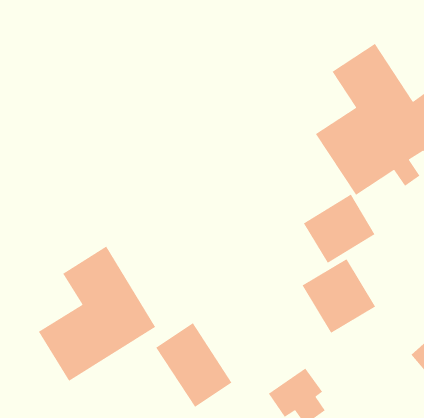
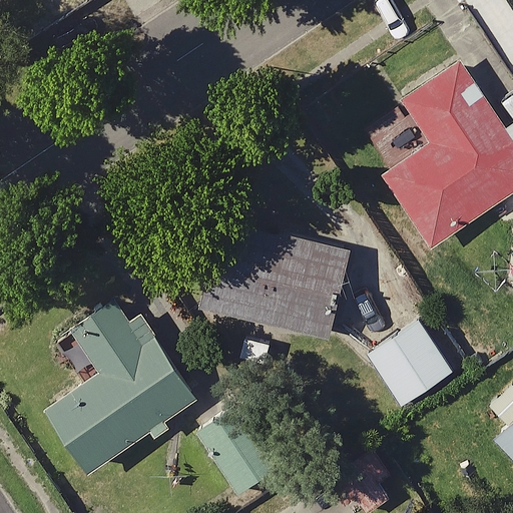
building: none -> [200,219,352,338]
building: [303,194,376,264] -> none

